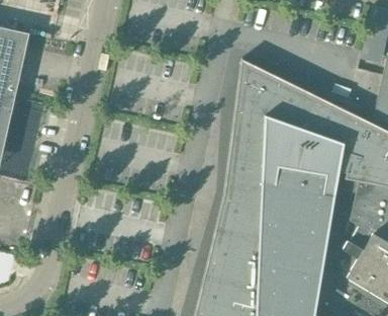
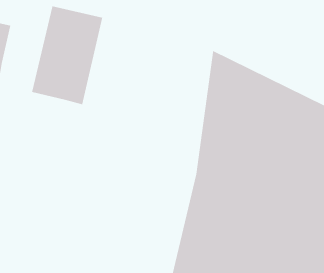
building: none -> [31,6,103,105]

